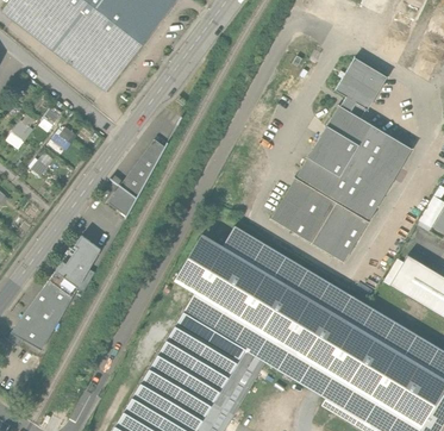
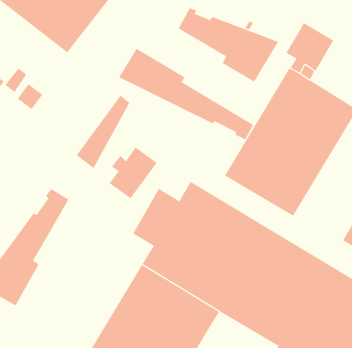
building: none -> [178,7,279,83]
building: none -> [118,48,254,140]
building: none -> [109,147,157,199]

